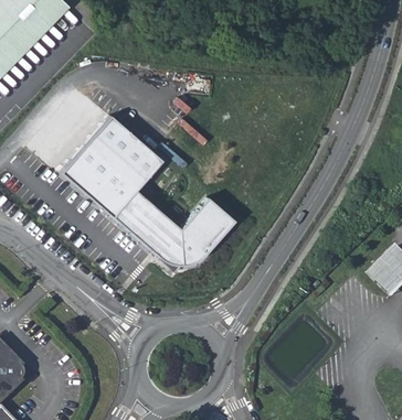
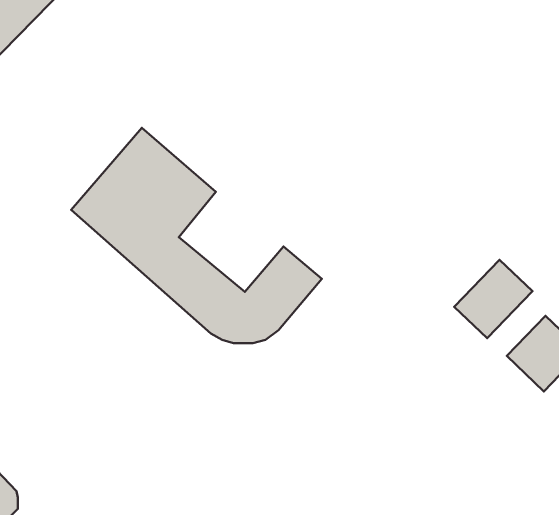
building: none -> [454,260,532,338]

